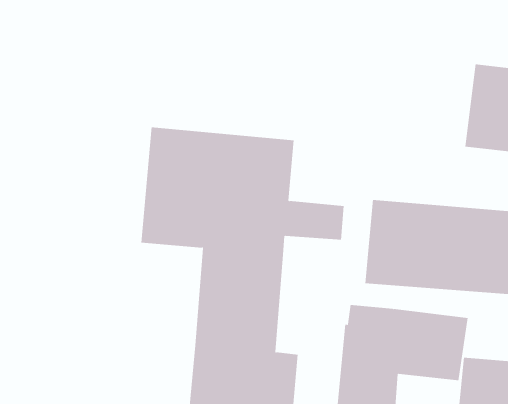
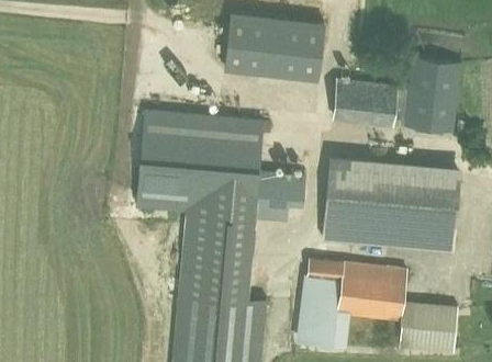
building: none -> [224,12,326,81]
building: none -> [333,78,399,128]

